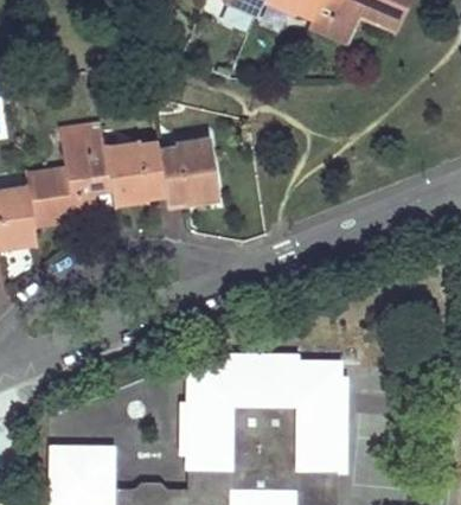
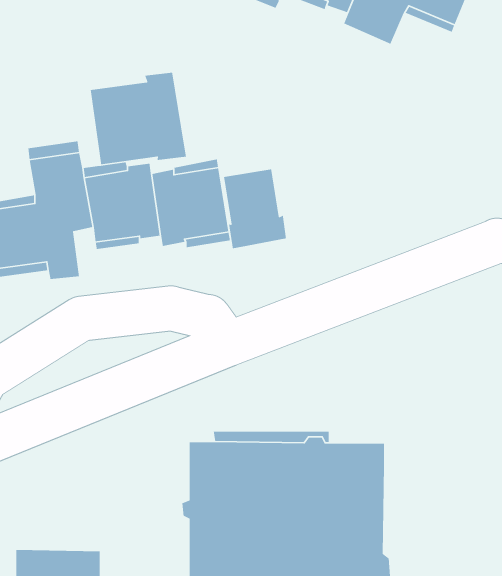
building: none -> [90,72,187,165]
building: none -> [223,169,287,249]

